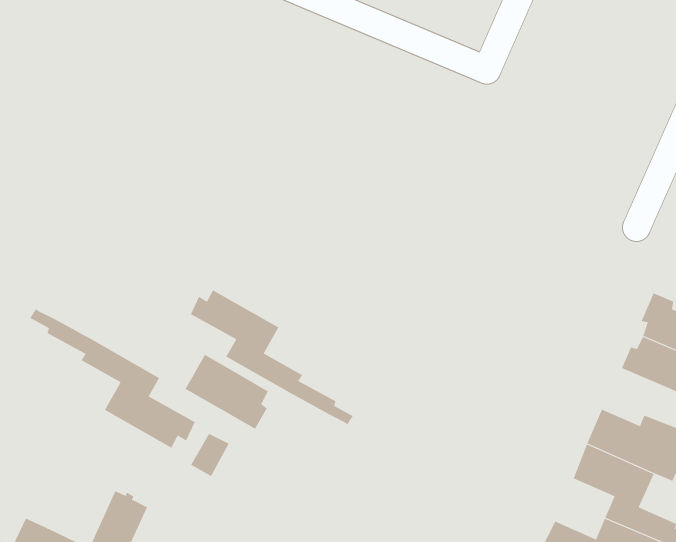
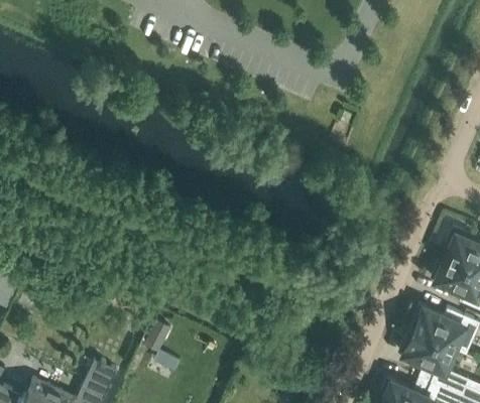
building: [190,289,354,425] -> none
building: [29,308,196,449] -> none
building: [185,354,269,430] -> none

